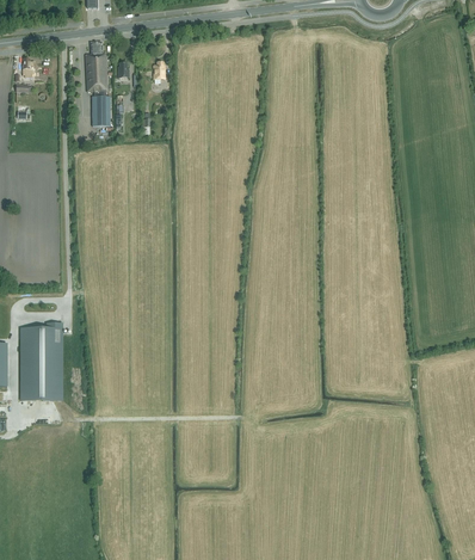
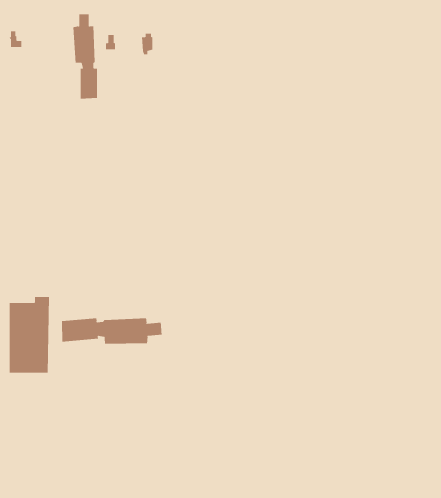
building: none -> [61,317,162,345]

